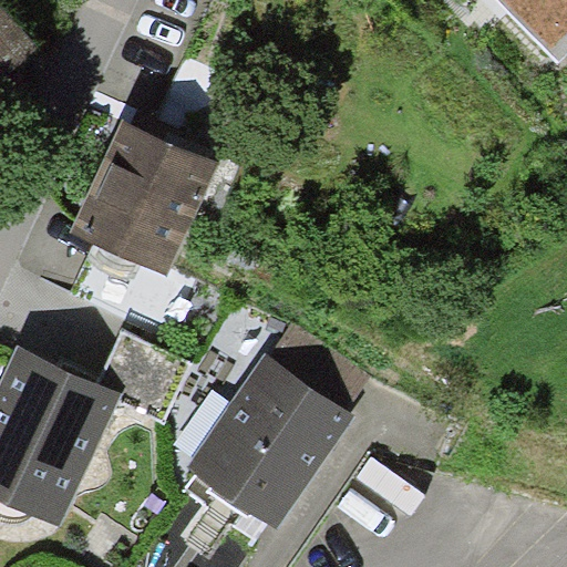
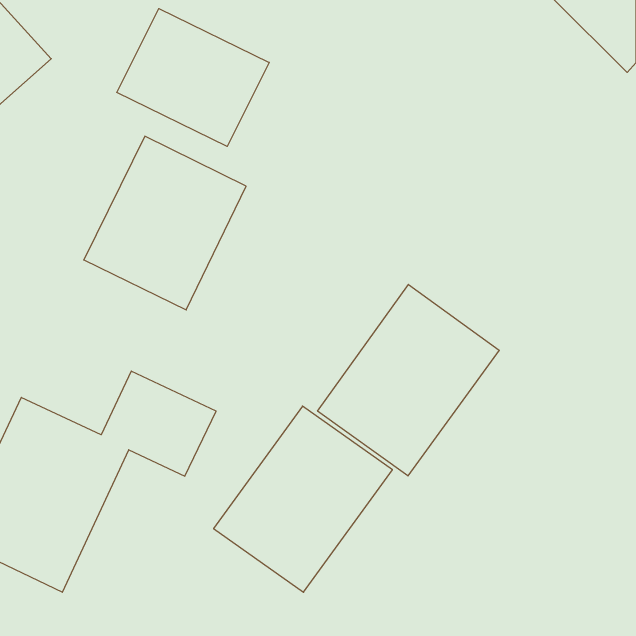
building: none -> [117,9,269,146]
building: none -> [318,284,499,476]

